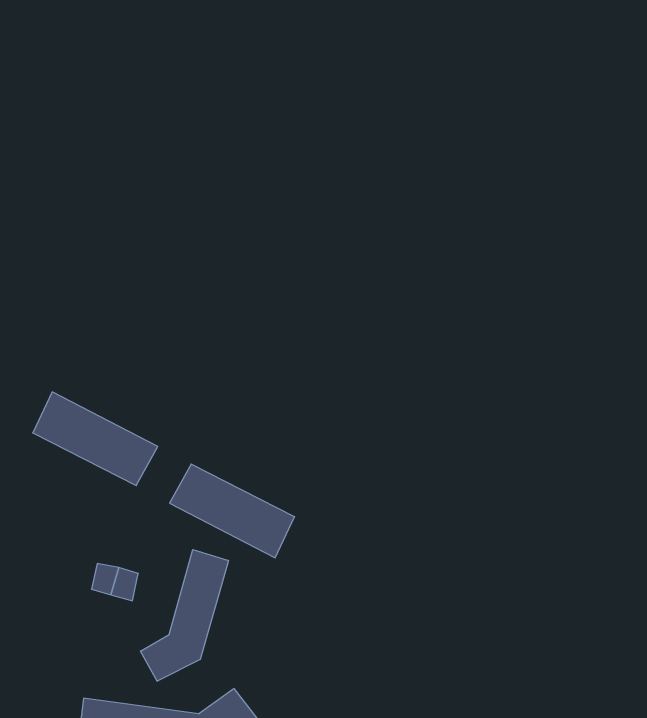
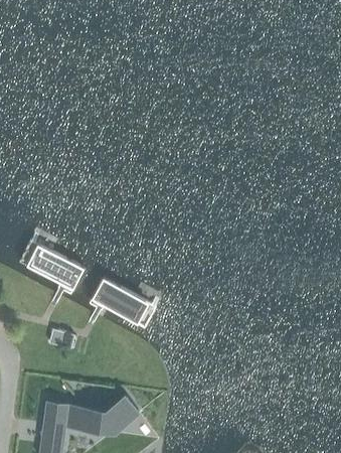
building: [140,550,228,681] -> none

